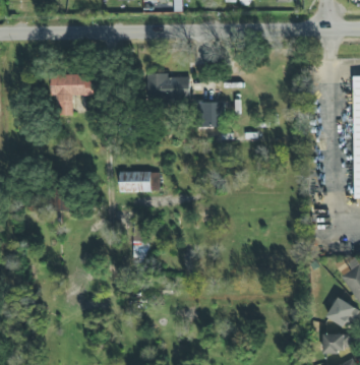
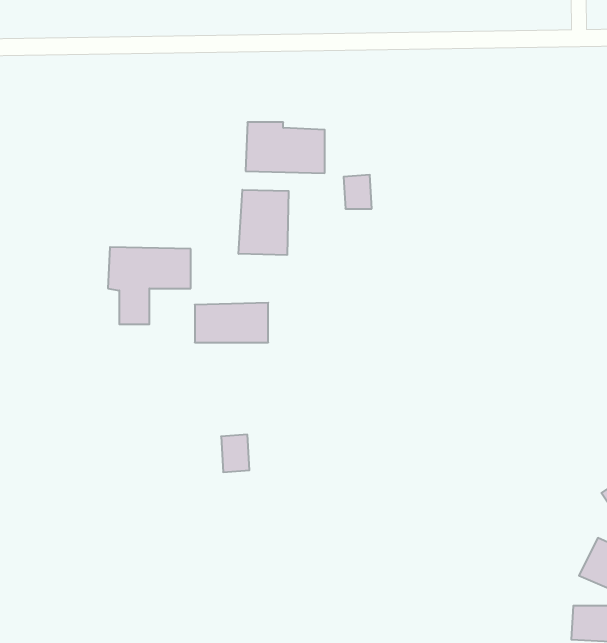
building: [50,73,95,115] -> [108,247,191,324]
building: none -> [239,190,289,255]

